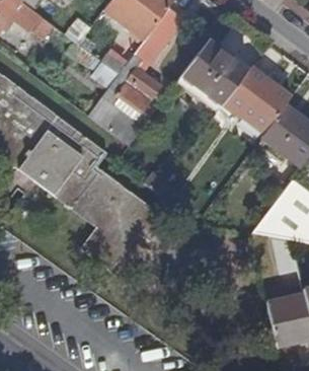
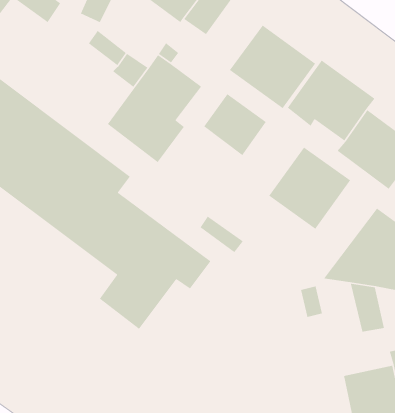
building: none -> [203,93,267,156]
building: none -> [268,146,351,230]

